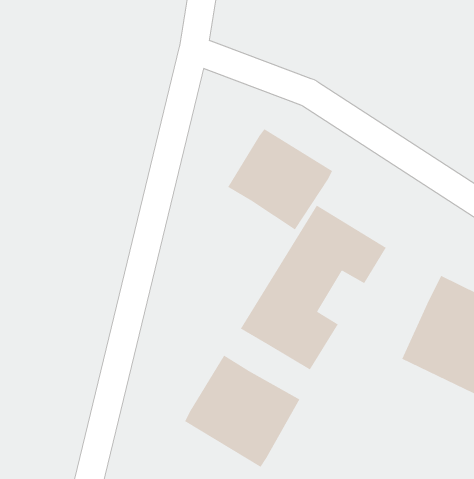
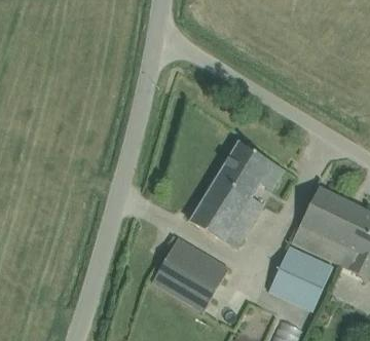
building: [227,128,333,230] -> none
building: none -> [268,244,334,311]

